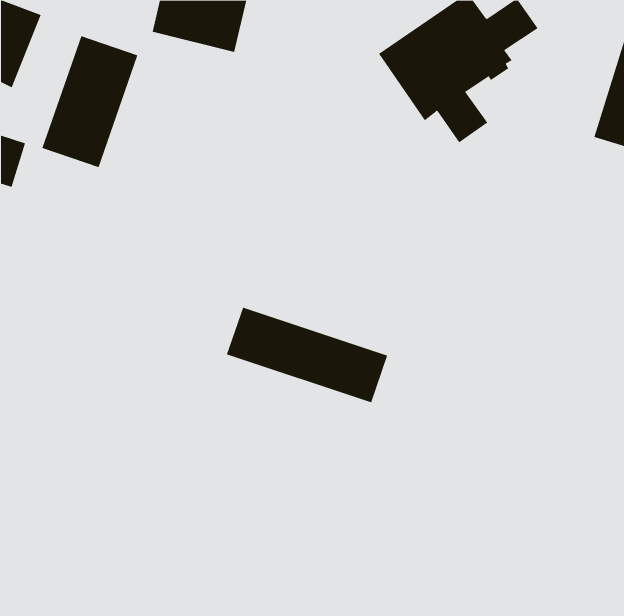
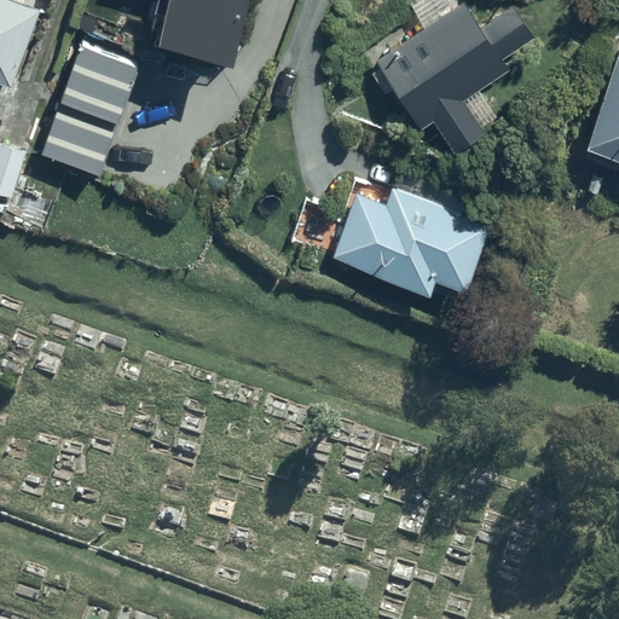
building: none -> [334,191,485,290]
building: [226,307,388,403] -> none

